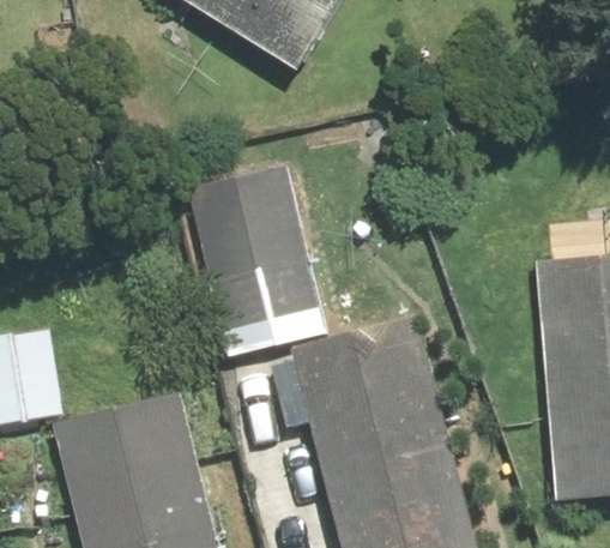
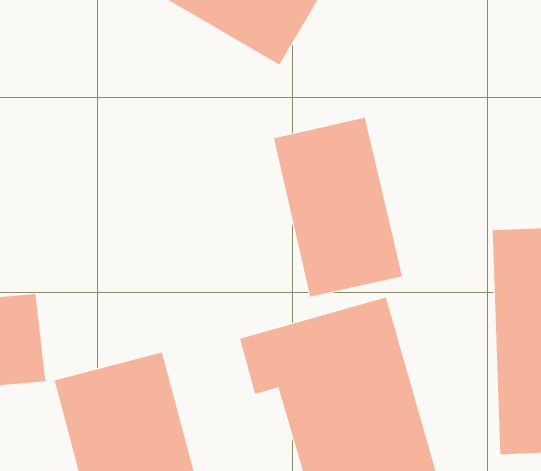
building: [182,155,324,351] -> [273,117,403,297]

